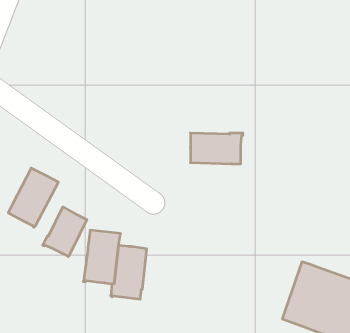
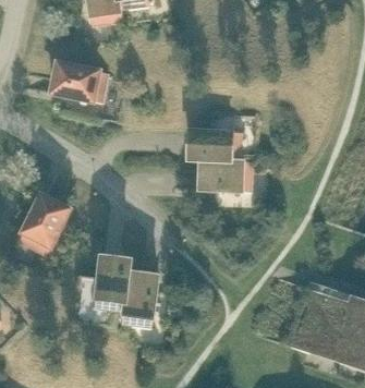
building: none -> [52,62,108,101]
building: none -> [190,130,242,161]
building: [43,207,87,257] -> none

